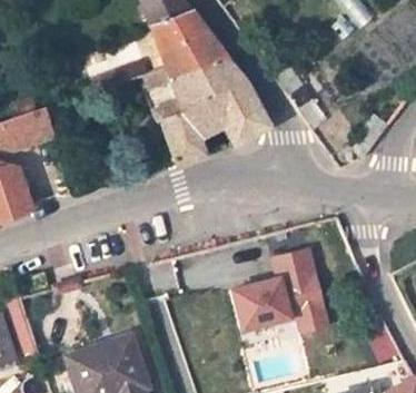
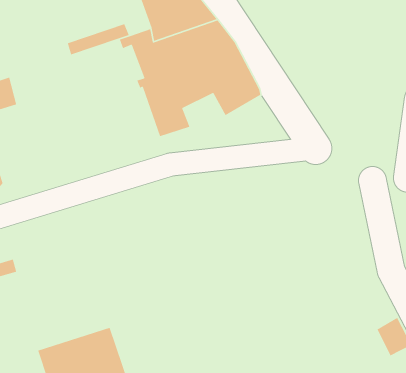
building: [231,249,326,331] -> none

